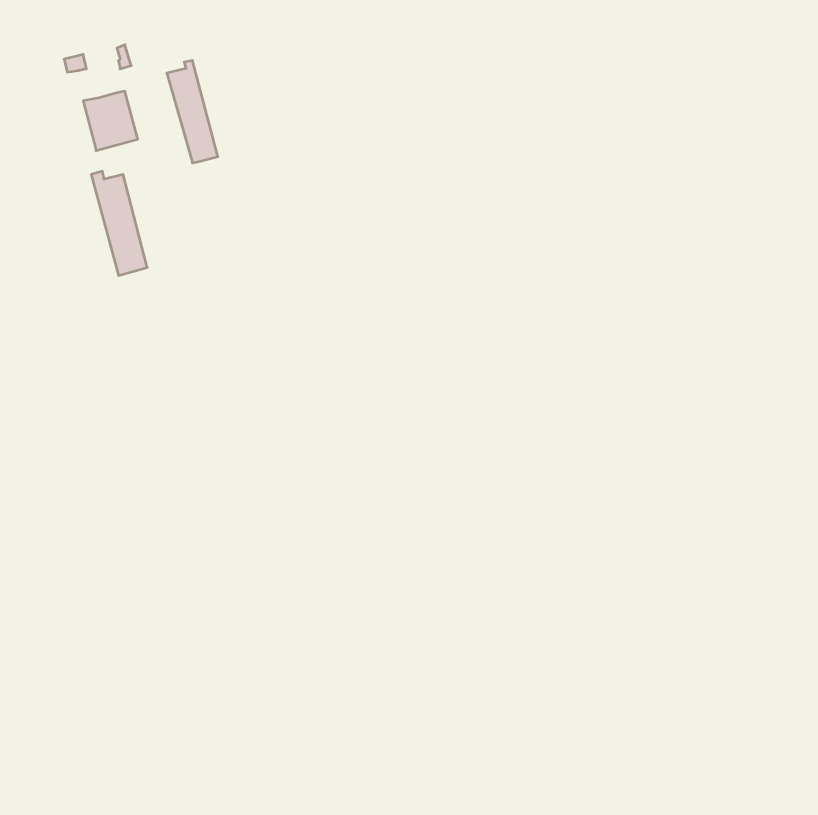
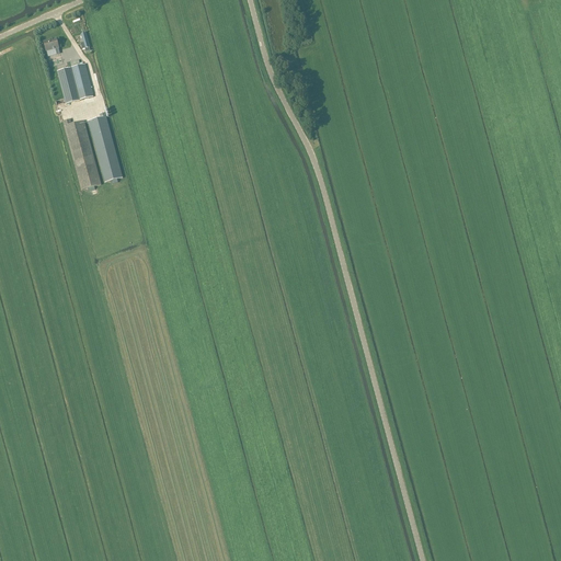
building: [167,60,218,163] -> [88,111,123,181]

